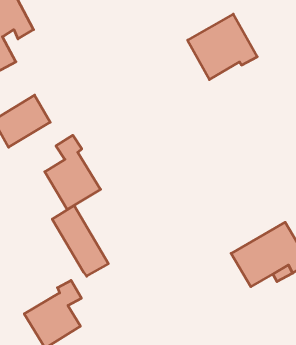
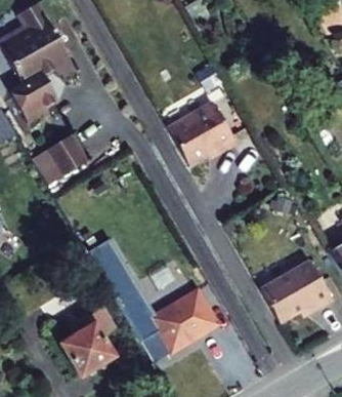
building: [188,14,257,80] -> [170,101,239,165]
building: [45,135,101,210] -> none
building: none -> [148,300,212,358]

